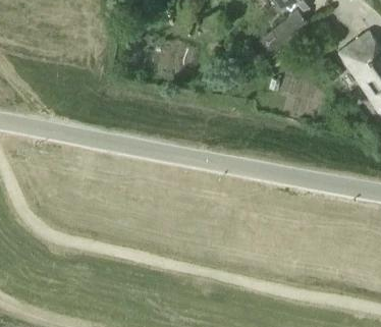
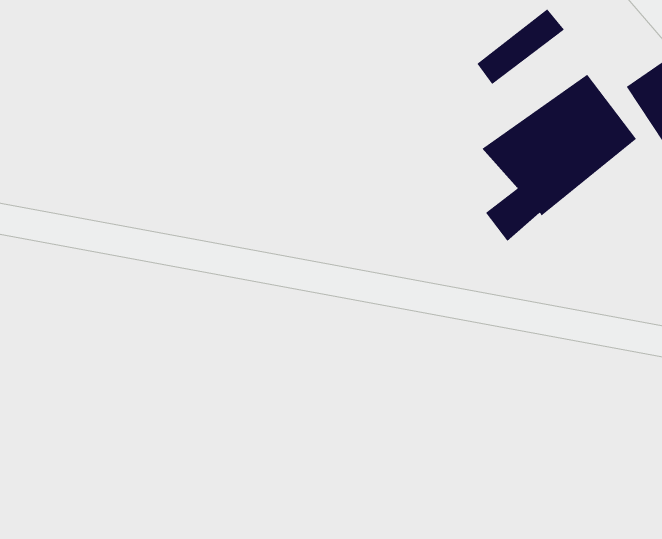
building: none -> [481,74,637,242]

